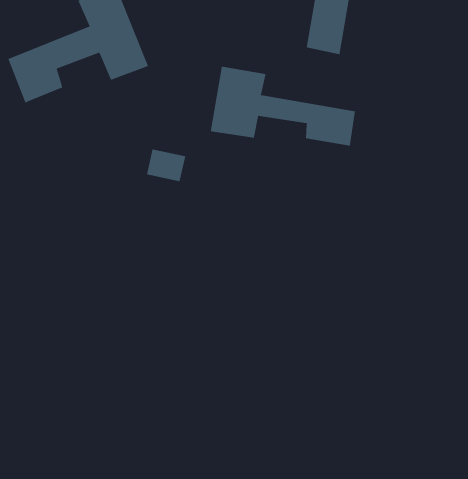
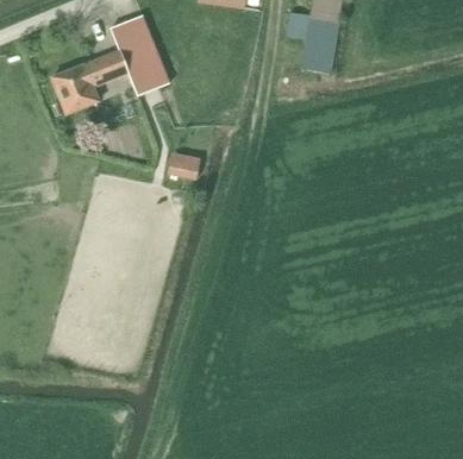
building: [210,66,356,147] -> none

